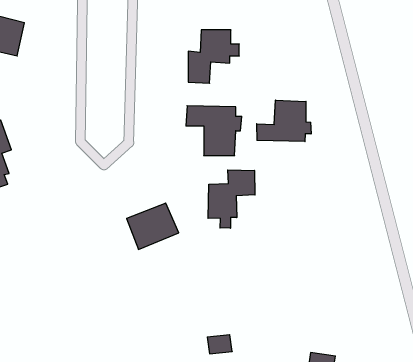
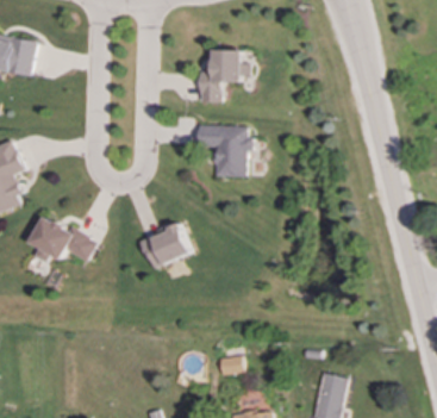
building: [257,100,311,142] -> none
building: [208,170,255,228] -> none
building: none -> [26,216,94,262]

